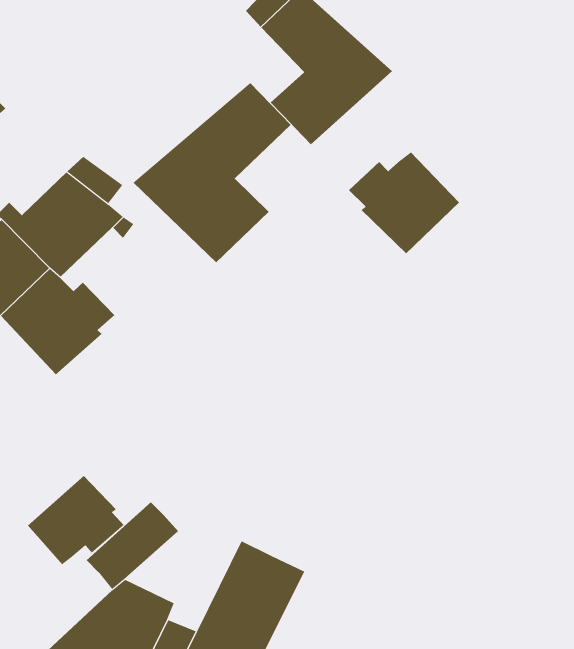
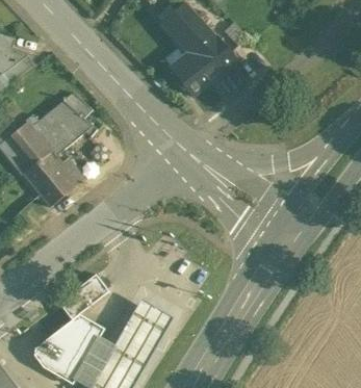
building: [132,82,292,263] -> none
building: [348,152,460,254] -> none
building: [27,475,124,565] -> none

